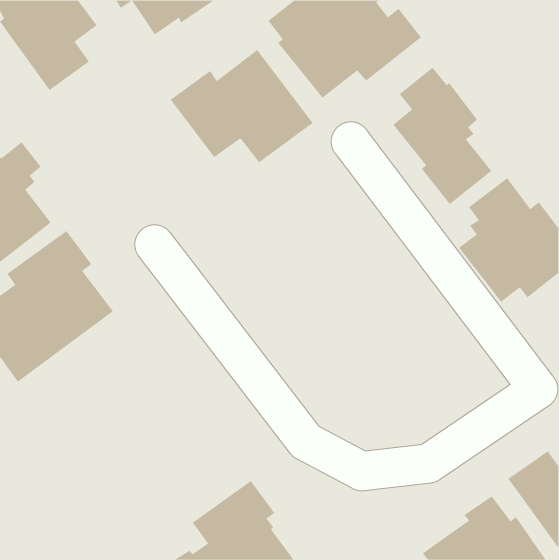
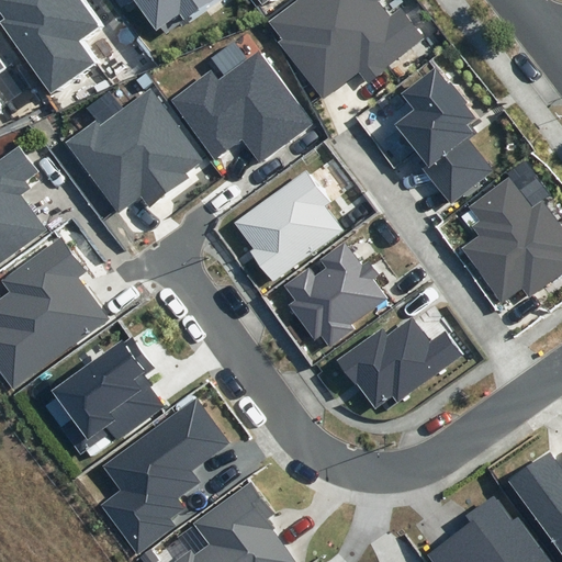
building: none -> [65,89,203,212]
building: none -> [233,169,342,283]
building: none -> [283,239,385,346]
building: none -> [337,316,461,409]
building: none -> [52,336,162,452]
building: none -> [100,396,229,553]

